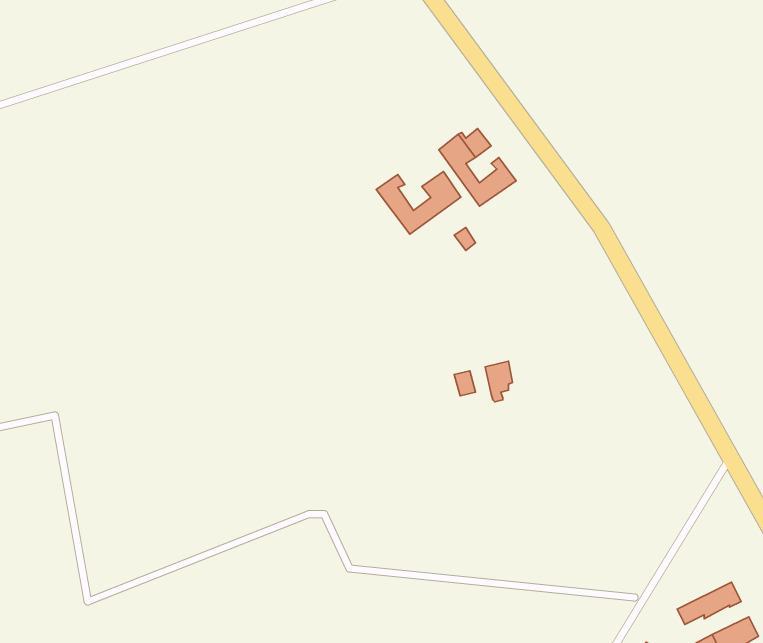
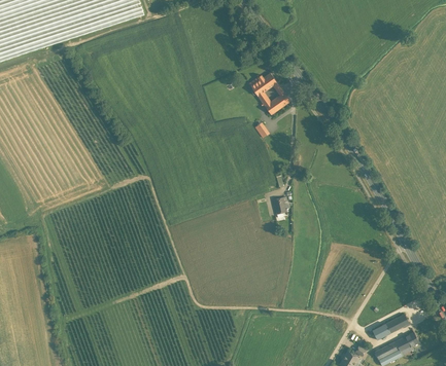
building: [376,171,461,234] -> none

